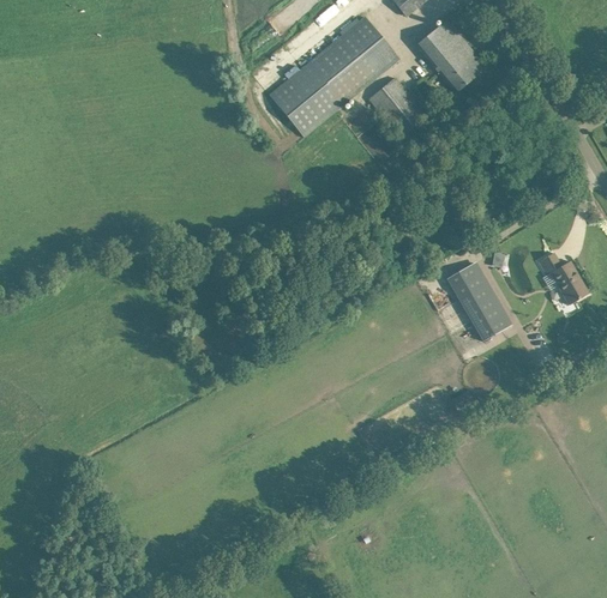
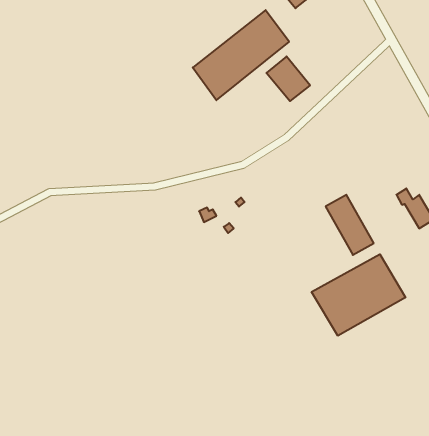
building: [415,19,485,91] -> none
building: none -> [312,254,405,336]

